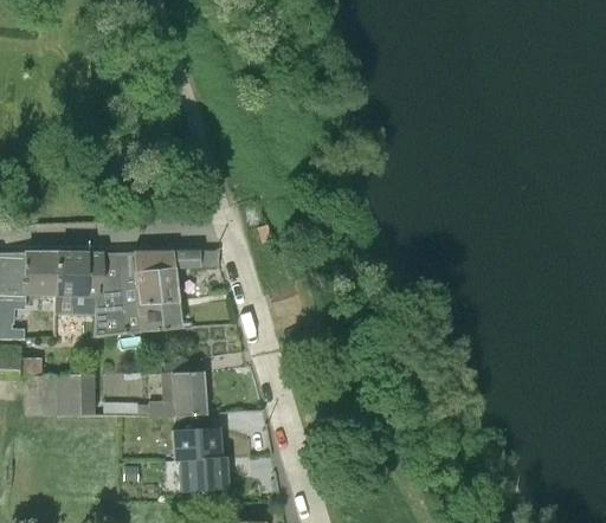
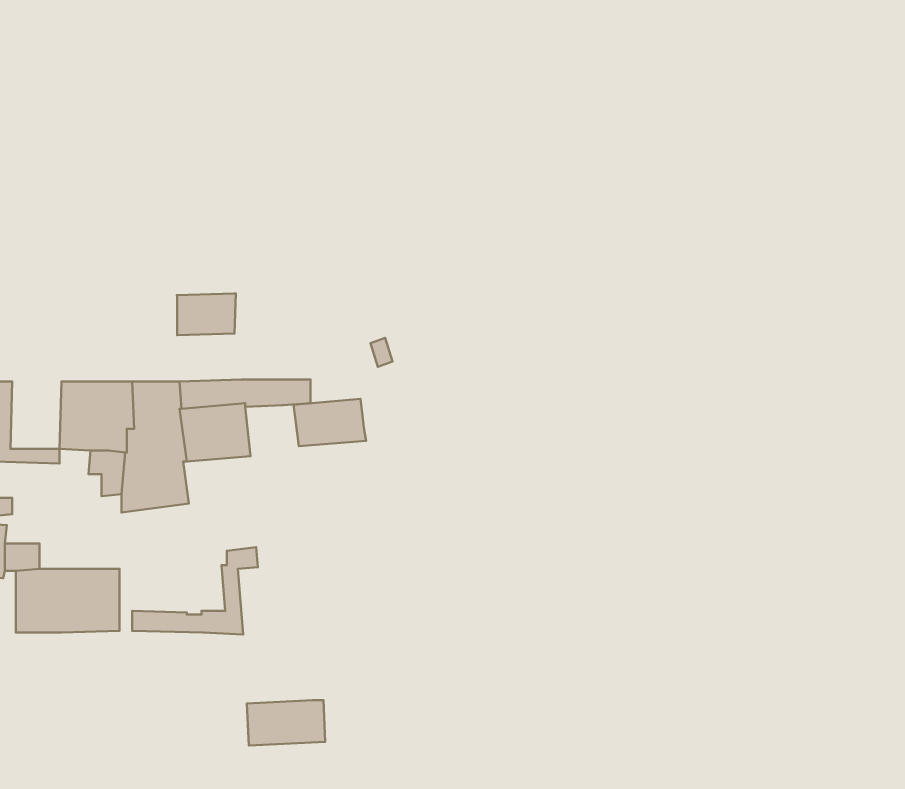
building: none -> [177,293,236,335]
building: [22,252,56,296] -> none
building: [135,301,182,331] -> [293,399,366,446]
building: [170,370,207,417] -> none
building: [175,430,219,461] -> none

